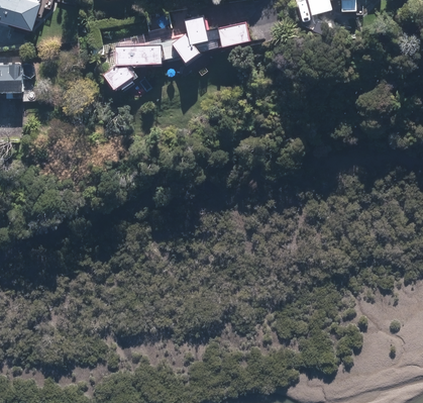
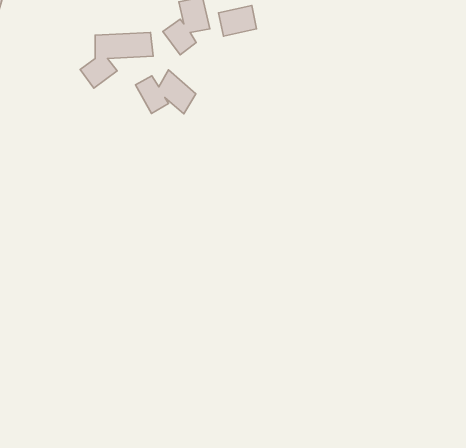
building: none -> [135,70,196,114]

